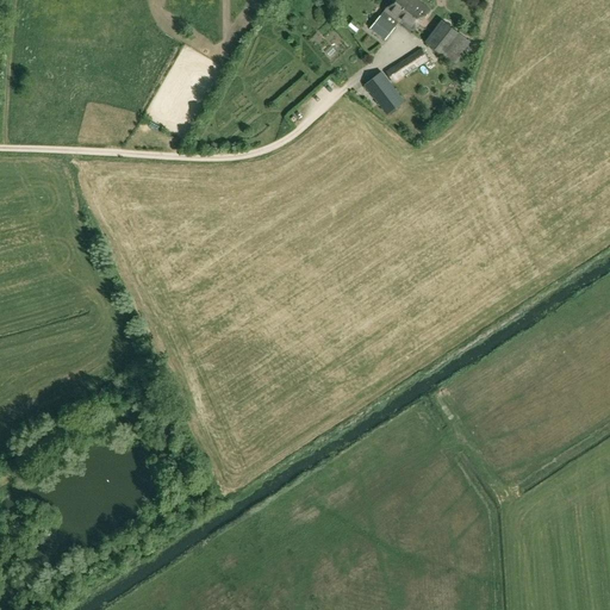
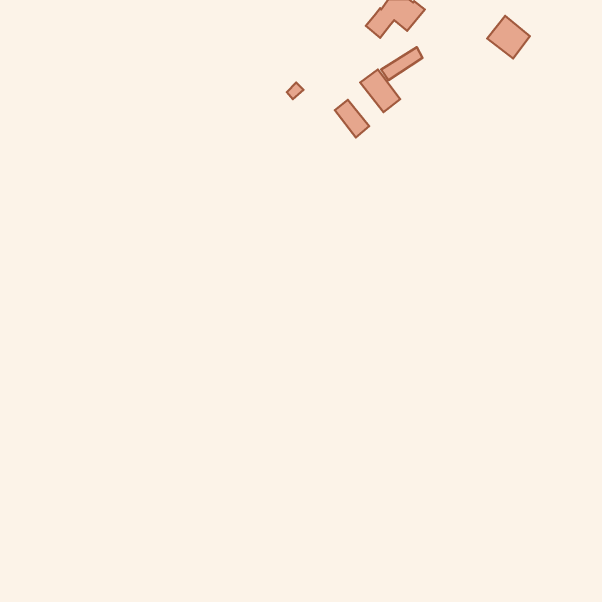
building: [425,20,468,63] -> [487,16,530,58]
building: none -> [335,100,369,137]

